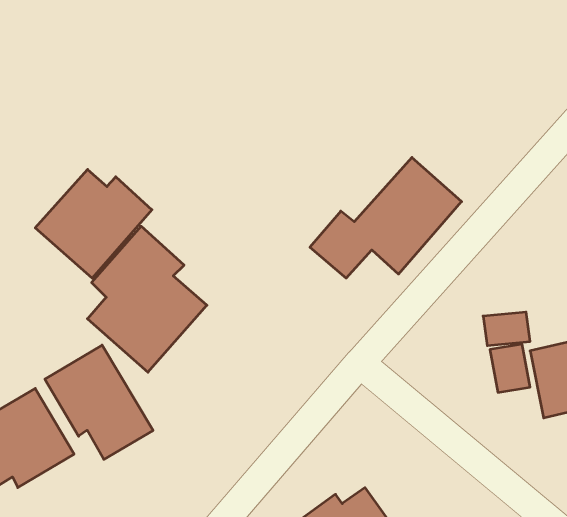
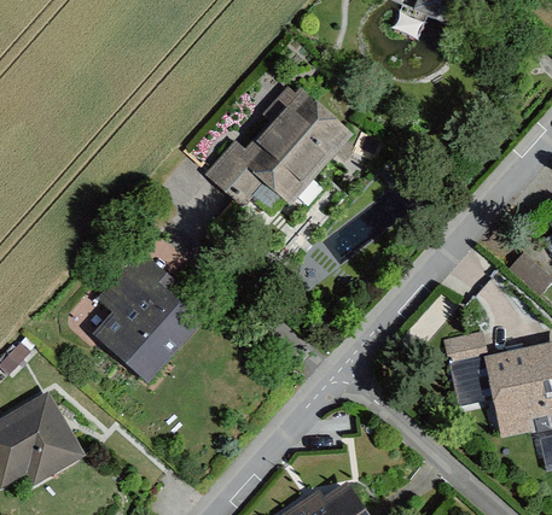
building: [310,157,462,278] -> [208,94,344,203]
building: [35,169,152,278] -> none
building: [45,345,153,459] -> none

